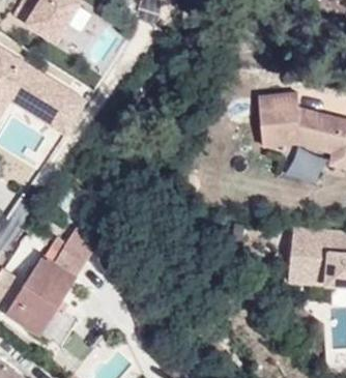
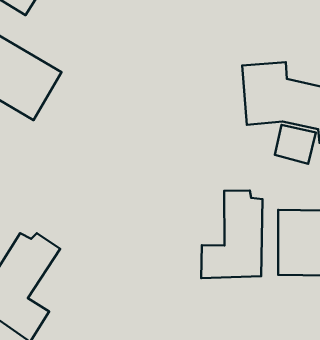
building: none -> [201,191,262,278]

